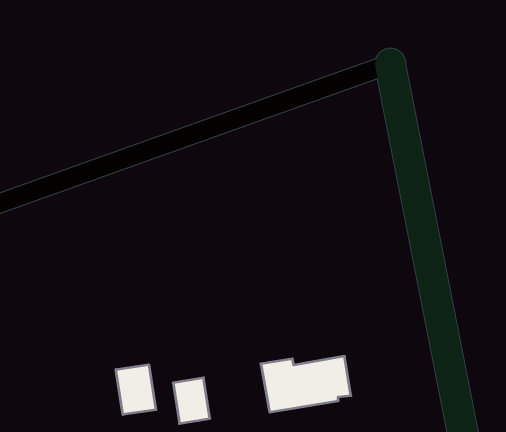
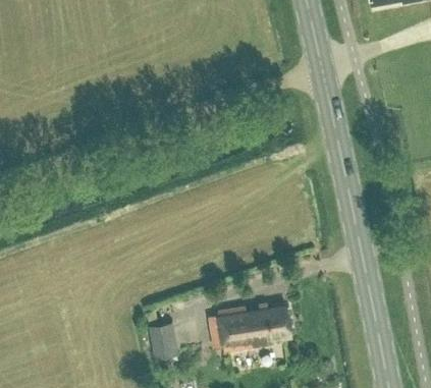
building: [116,365,156,415] -> none

